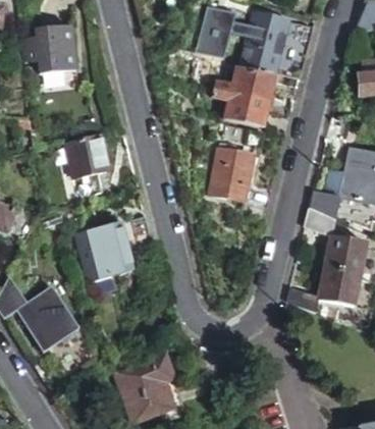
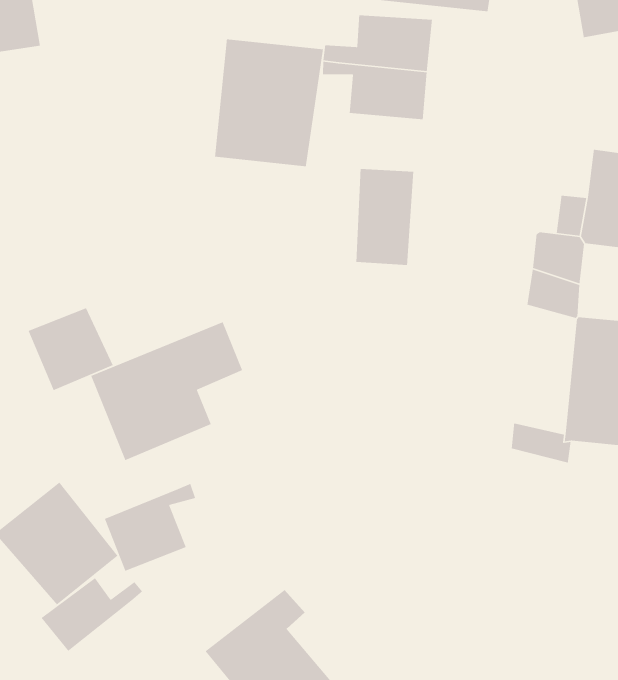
building: none -> [214,39,324,167]
building: [69,136,111,176] -> [28,307,114,391]
building: none -> [104,483,196,572]
building: none -> [41,577,143,652]

